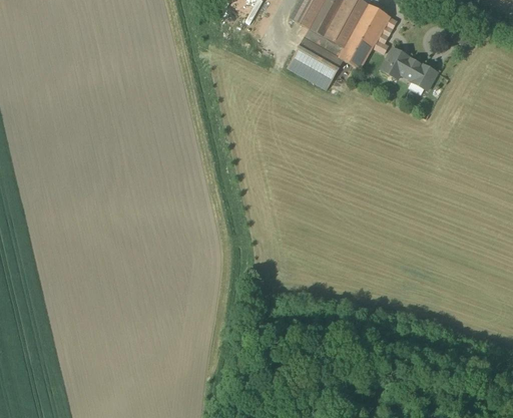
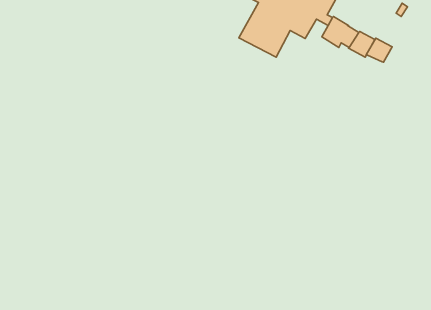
building: none -> [366,38,392,62]

